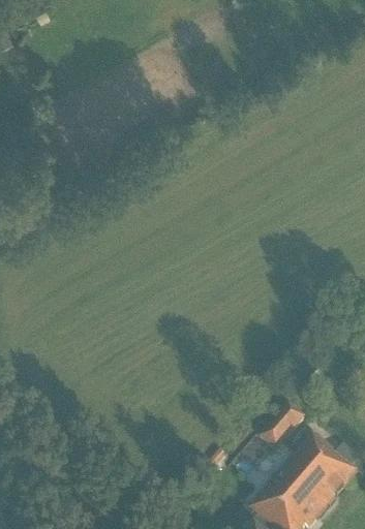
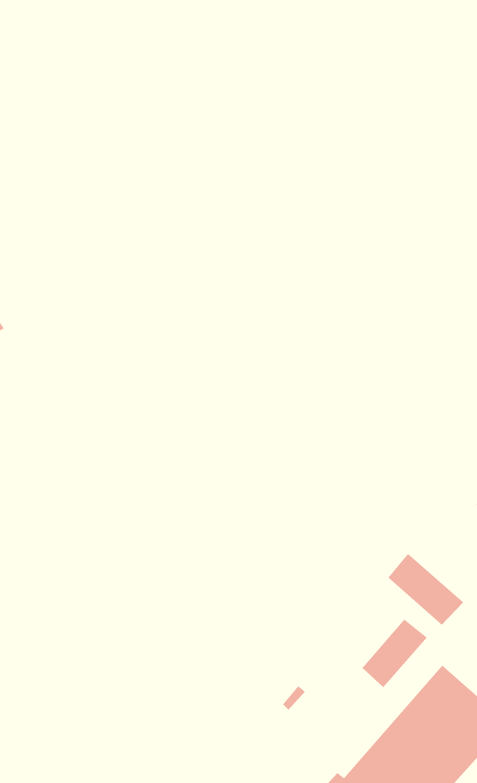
building: none -> [387,553,464,625]

